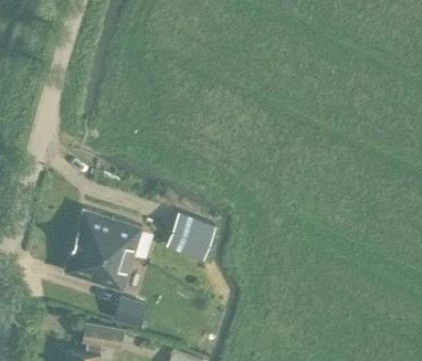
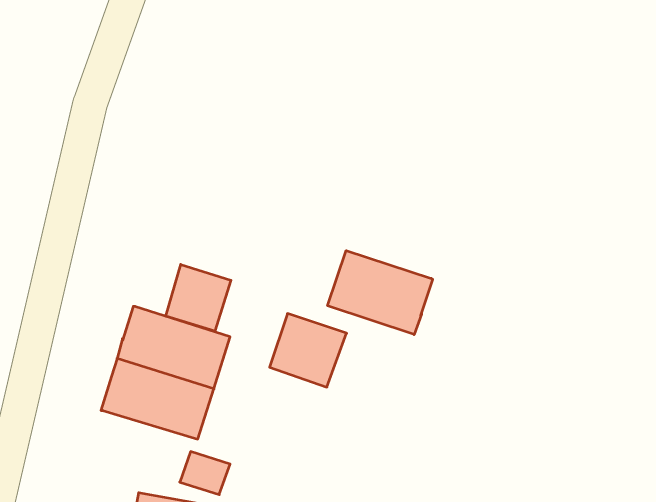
building: none -> [328,251,433,335]
building: none -> [166,264,231,331]

